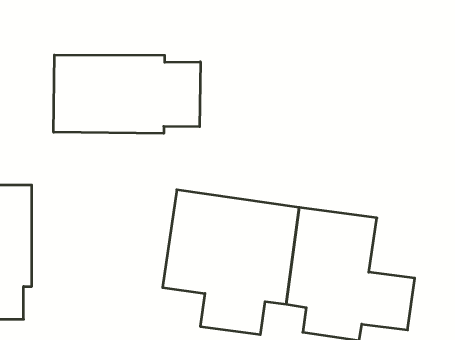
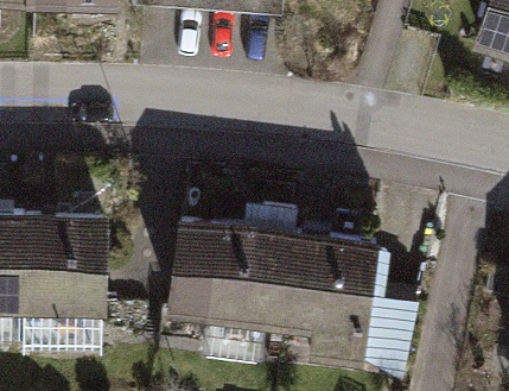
building: [54,55,200,133] -> none
building: none -> [38,212,122,315]

